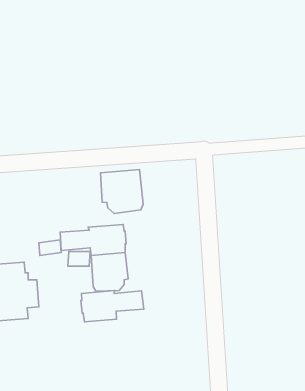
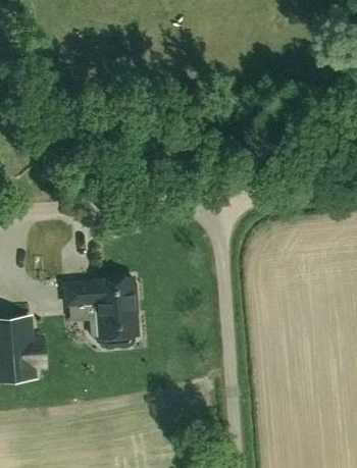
building: [101,170,143,213] -> none
building: [81,291,144,322] -> none

